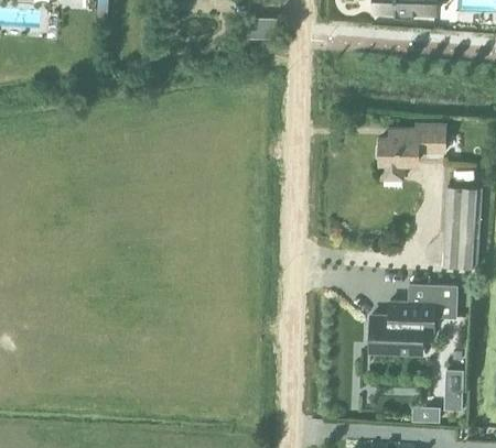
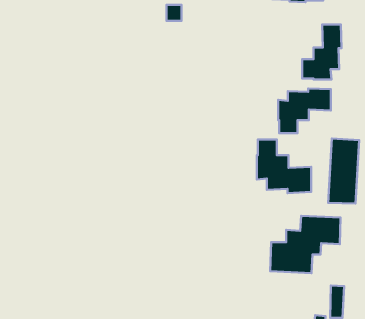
building: none -> [302,25,341,79]
building: none -> [257,140,311,193]

